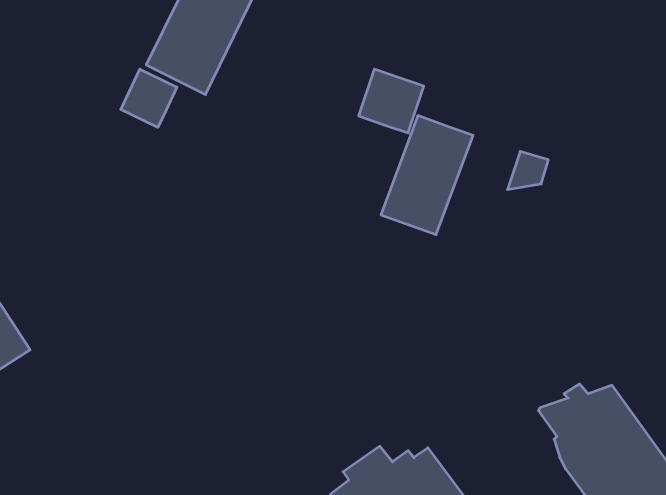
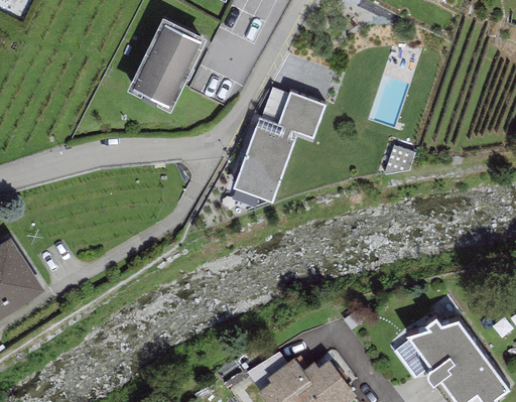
building: [121,69,177,127] -> none
building: [381,116,473,235] -> [233,116,298,200]

